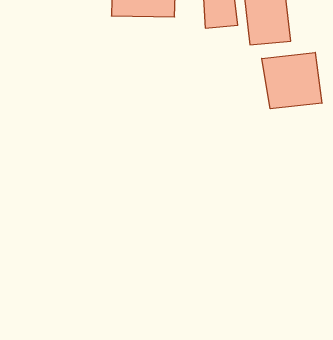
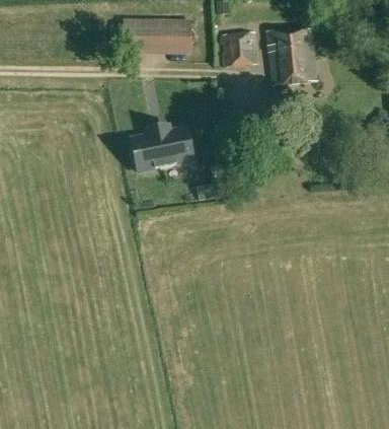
building: [262,52,322,109] -> none
building: none -> [133,127,192,170]

